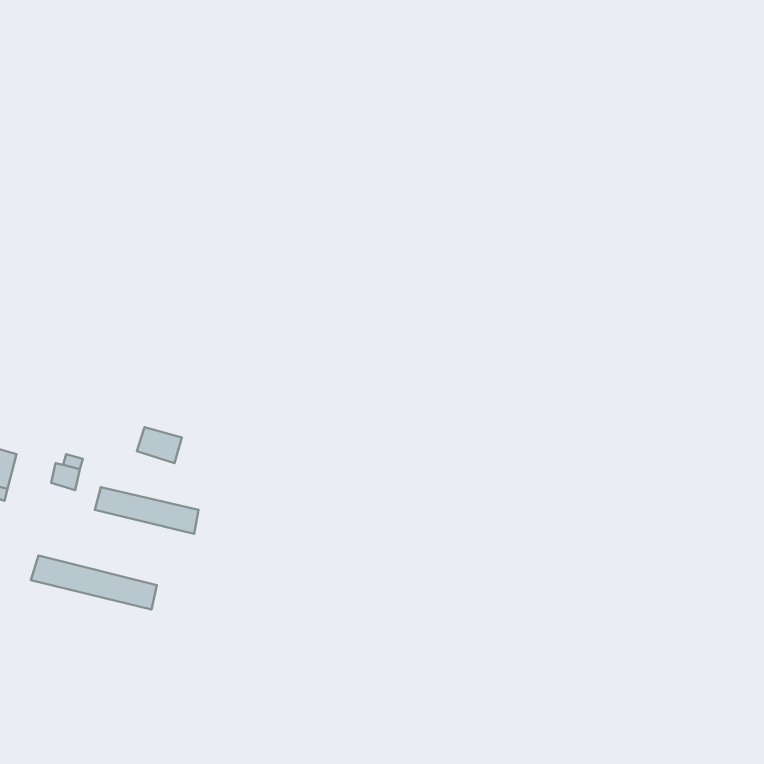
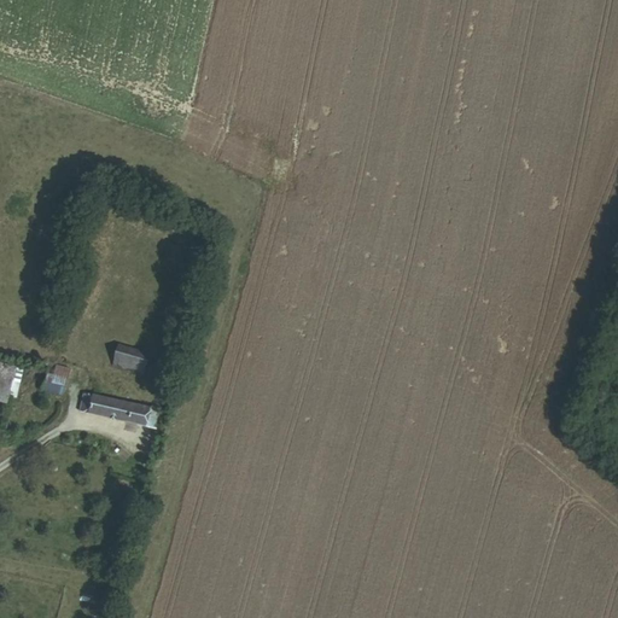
building: [31,555,157,609] -> none

